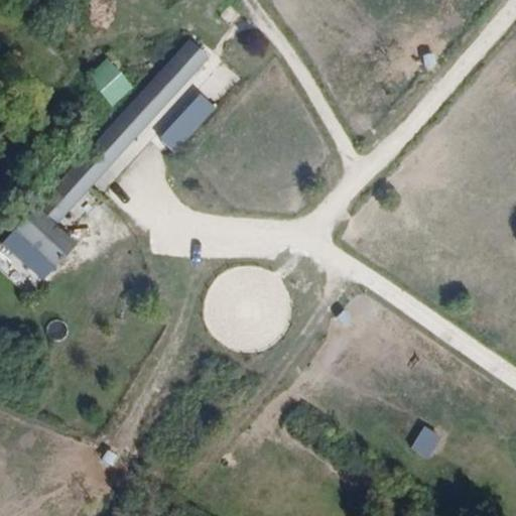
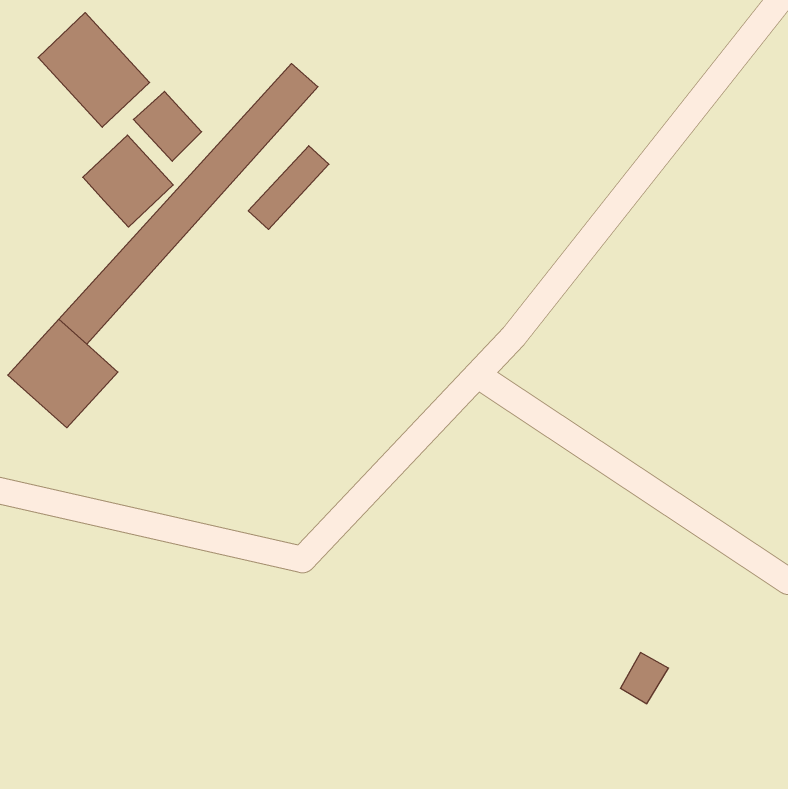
building: none -> [38,13,150,127]
building: none -> [83,135,173,227]

